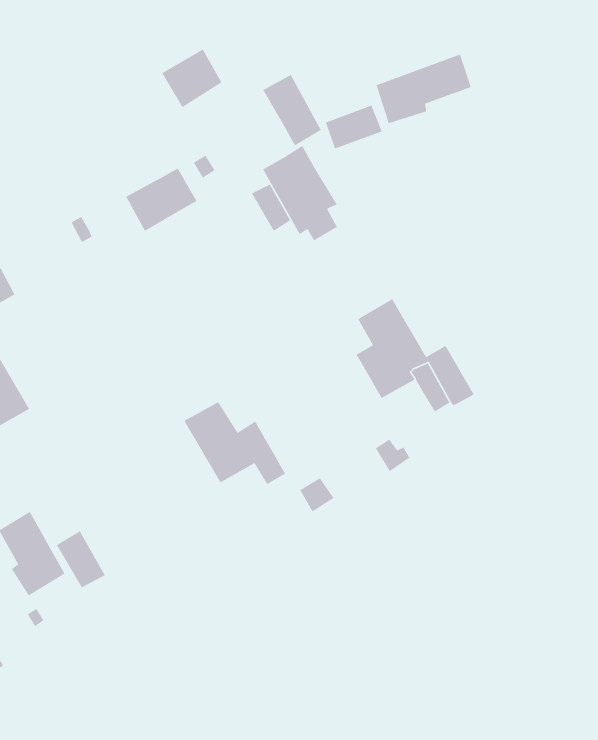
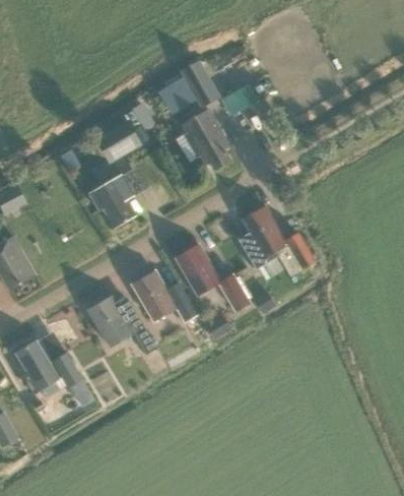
building: [161,49,222,108] -> [157,76,196,114]
building: [375,54,472,124] -> none
building: none -> [89,174,135,226]
building: none -> [176,244,250,310]
building: none -> [88,295,155,352]

